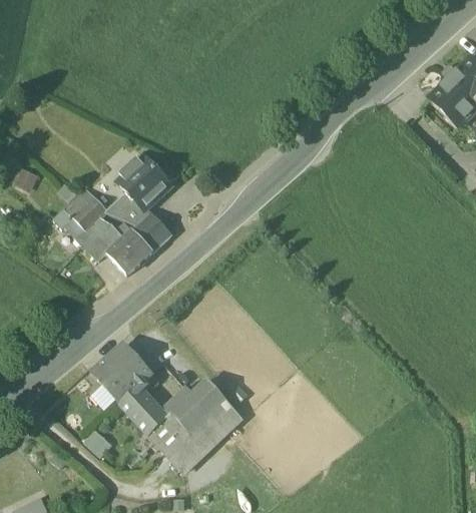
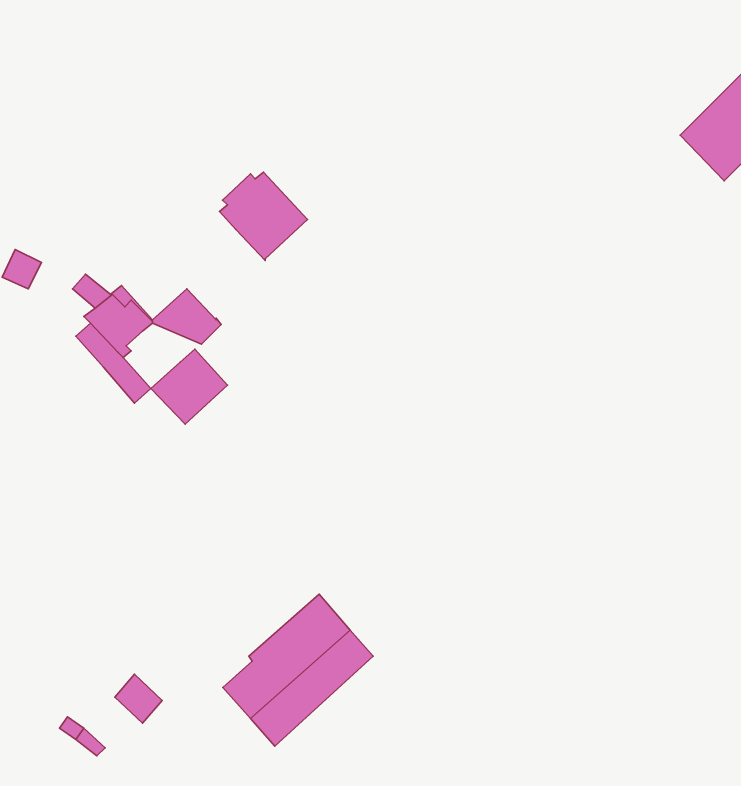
building: [118,156,172,210] -> [219,172,308,260]
building: [133,212,171,251] -> none
building: [89,217,124,252] -> none
building: [94,345,168,436] -> none

